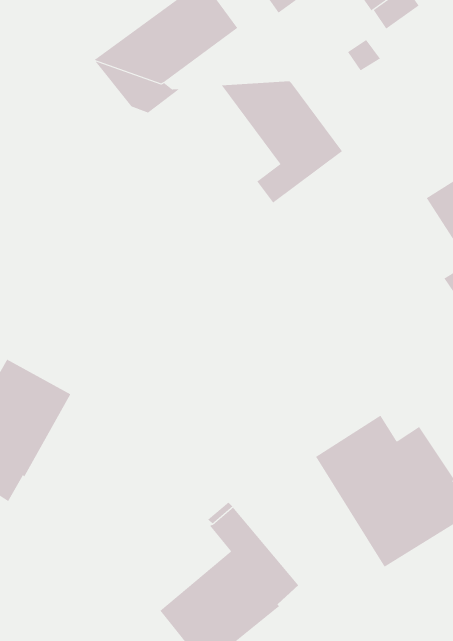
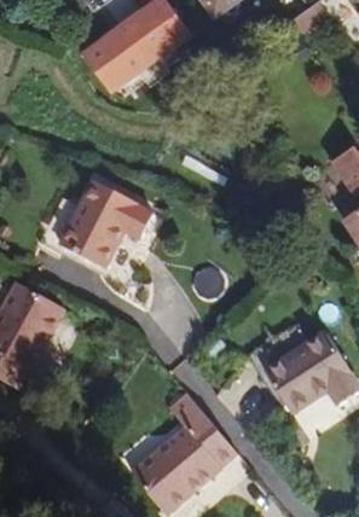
building: [221,81,343,204] -> none
building: none -> [60,179,152,266]

